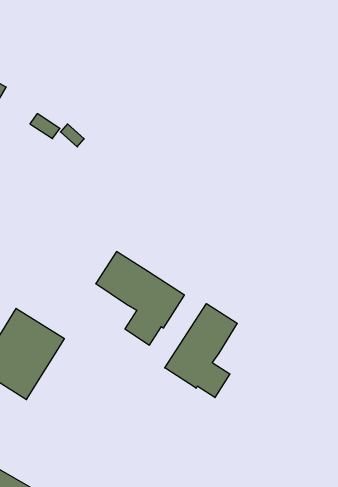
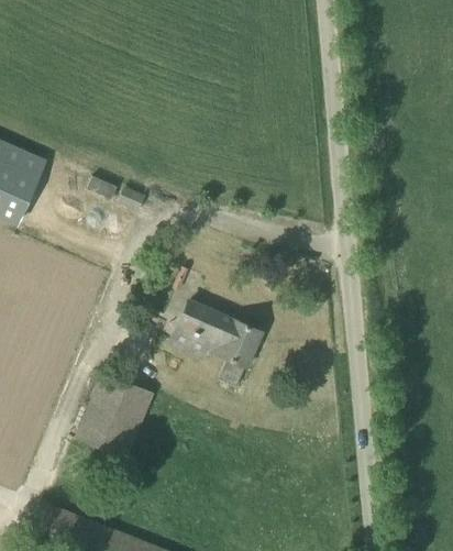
building: [165,304,237,398] -> none

